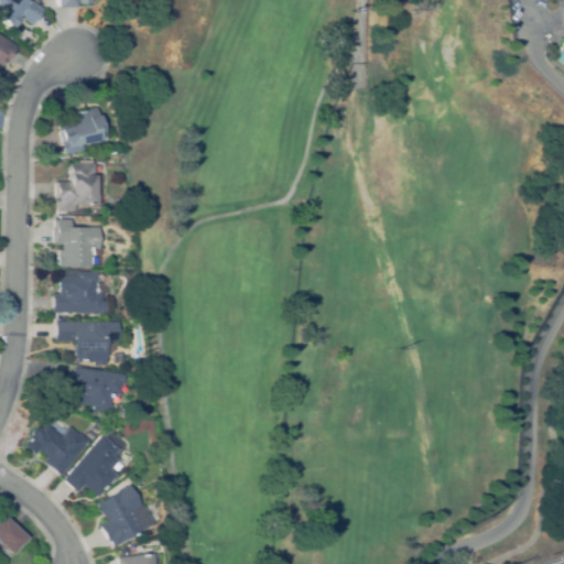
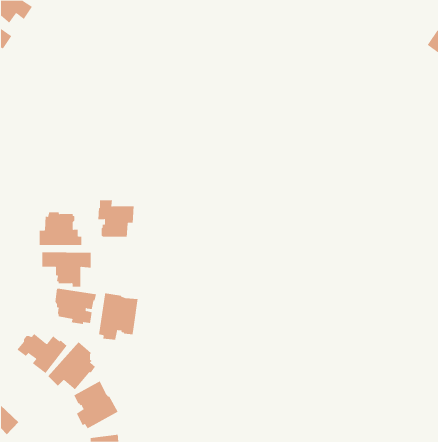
building: [62,107,106,154] -> none
building: [56,160,99,210] -> none
building: [54,219,101,267] -> [97,200,135,237]
building: none -> [98,293,138,340]

